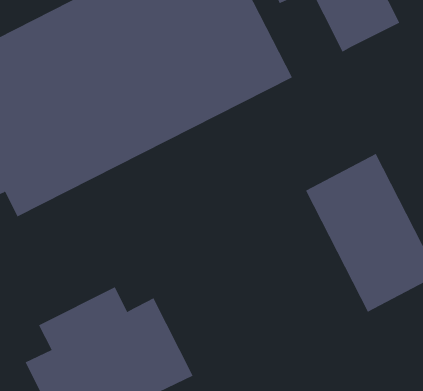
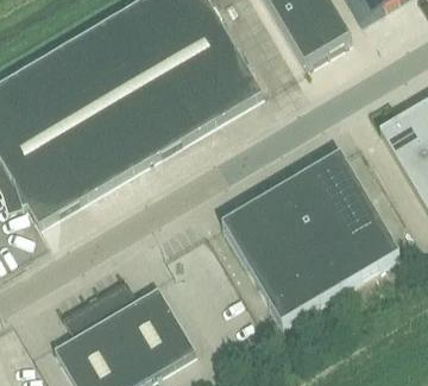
building: none -> [222,186,341,321]

